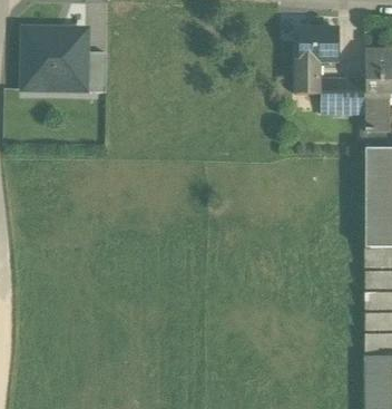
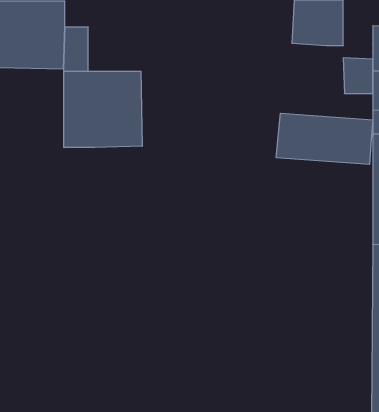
building: [290,67,323,103] -> none
building: none -> [64,71,142,148]
building: none -> [276,113,373,164]

